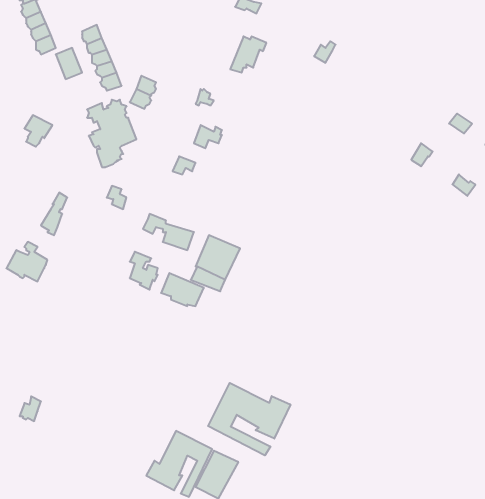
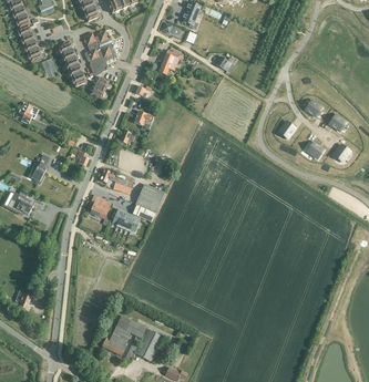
building: [87,100,136,167] -> [83,30,116,75]
building: [208,383,290,455] -> none

